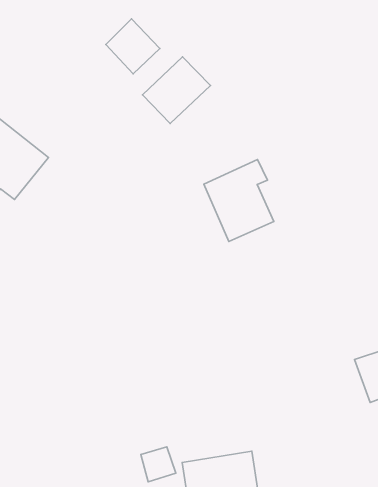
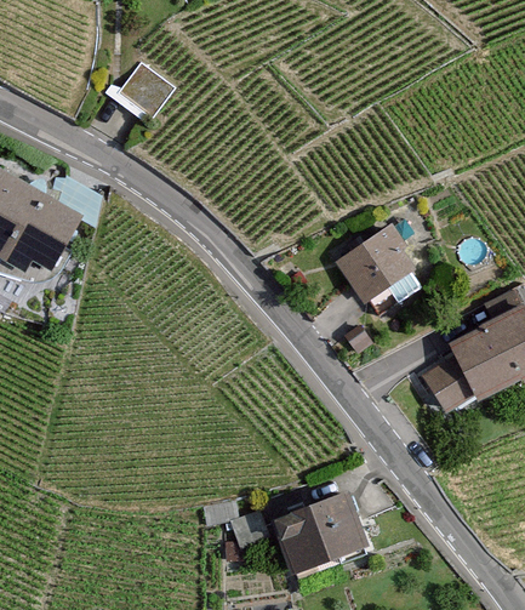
building: [143,57,210,124] -> none
building: [204,160,274,242] -> [343,229,421,318]

